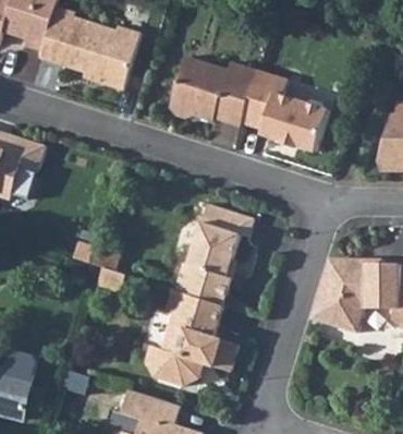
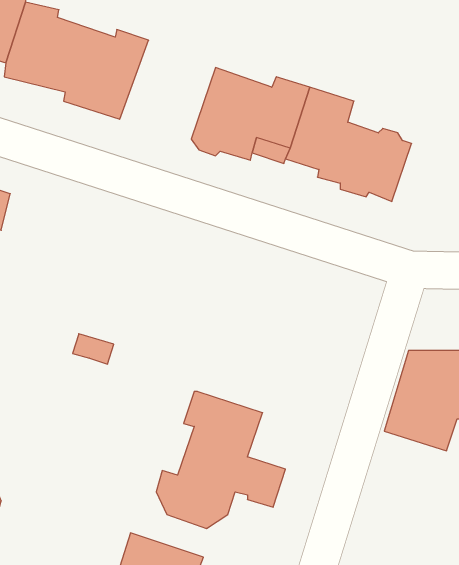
building: [176,203,253,303] -> none

